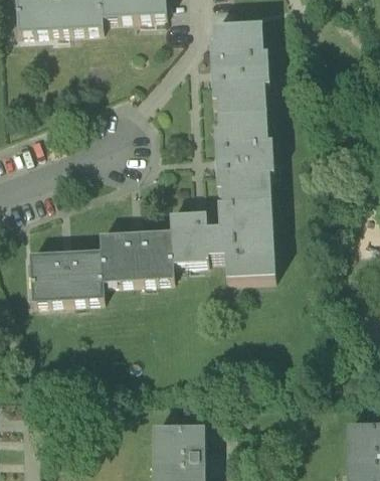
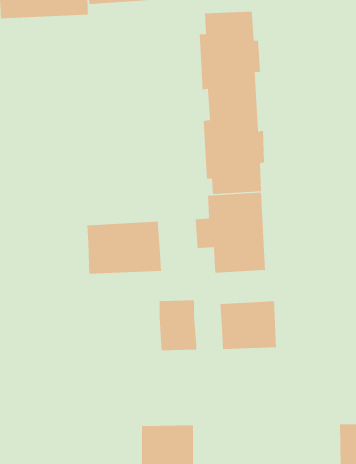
building: [170,209,207,260] -> [159,300,197,351]
building: [29,249,103,300] -> none
building: none -> [220,300,277,350]

